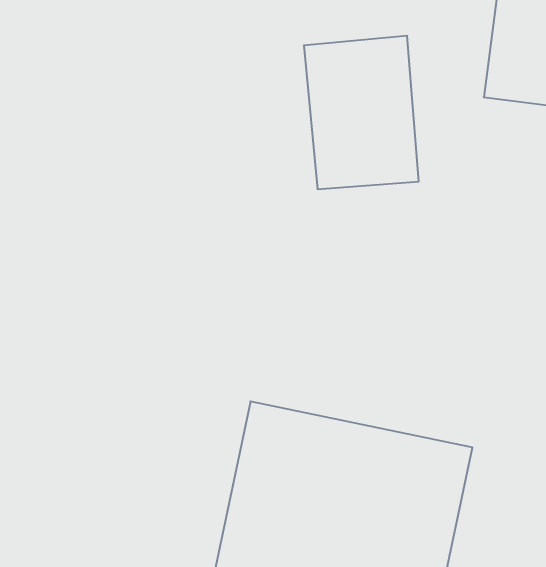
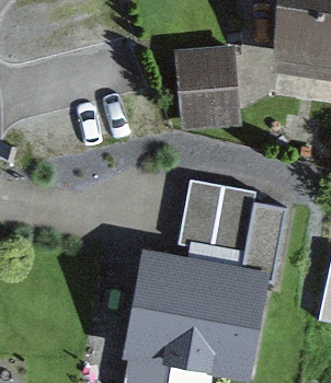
building: none -> [178,181,253,253]

